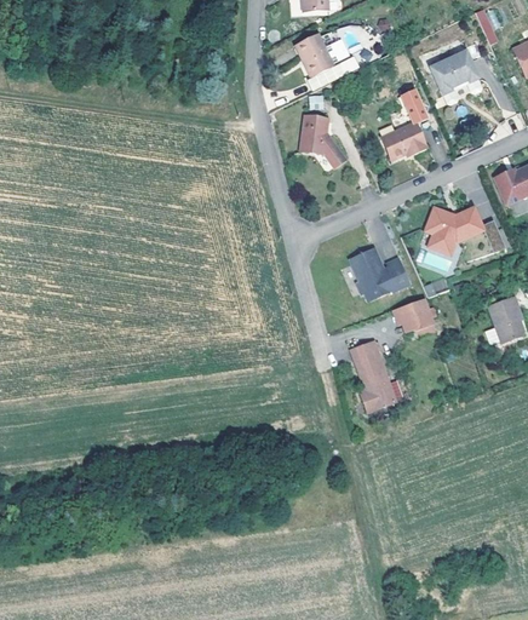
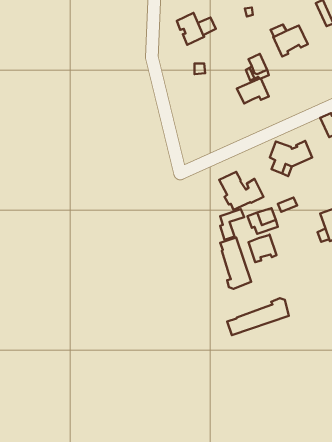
building: [302,116,343,167] -> none
building: none -> [220,209,244,240]
building: none -> [249,235,277,262]
building: none -> [227,298,289,335]

